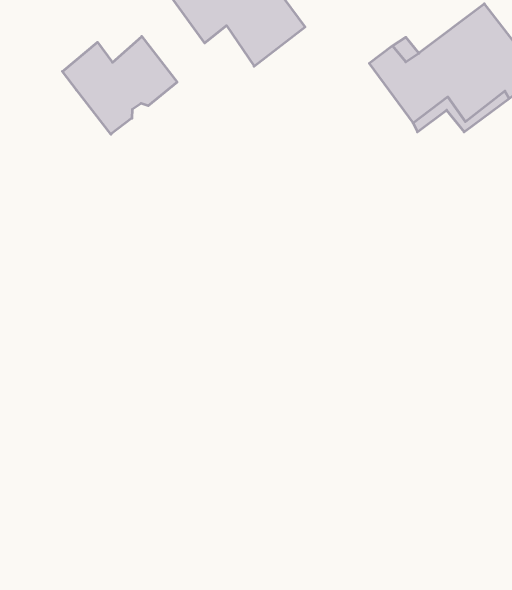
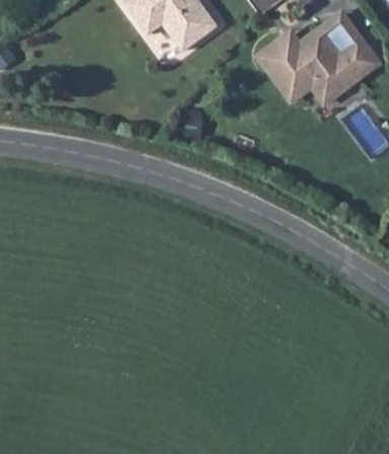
building: [62,36,177,134] -> none

